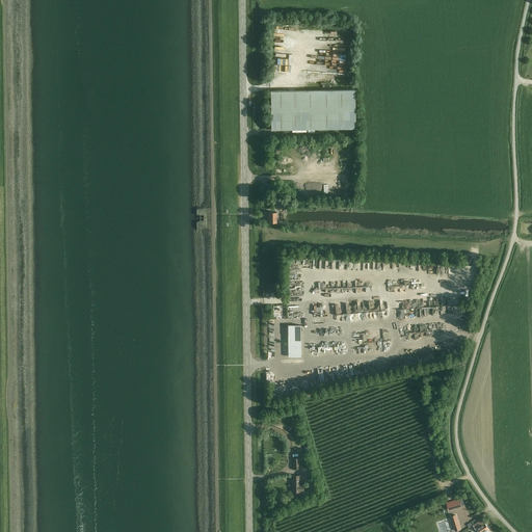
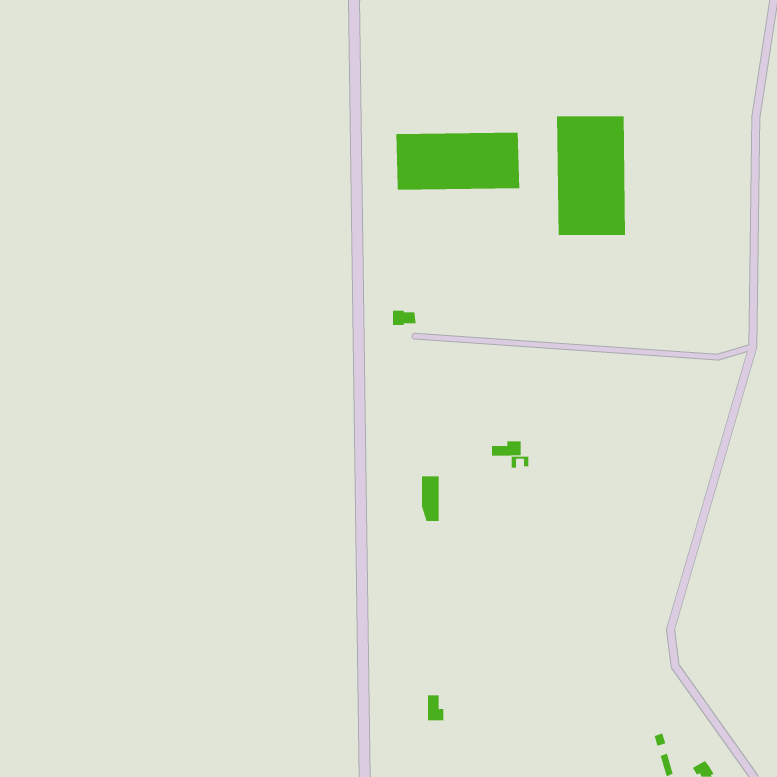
building: none -> [557,116,626,236]

